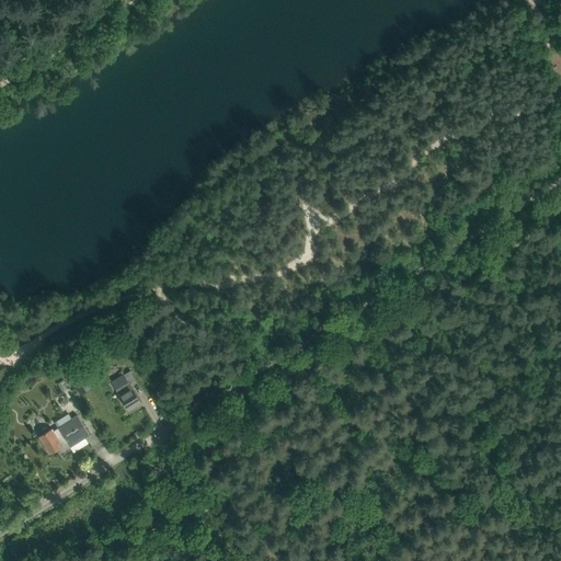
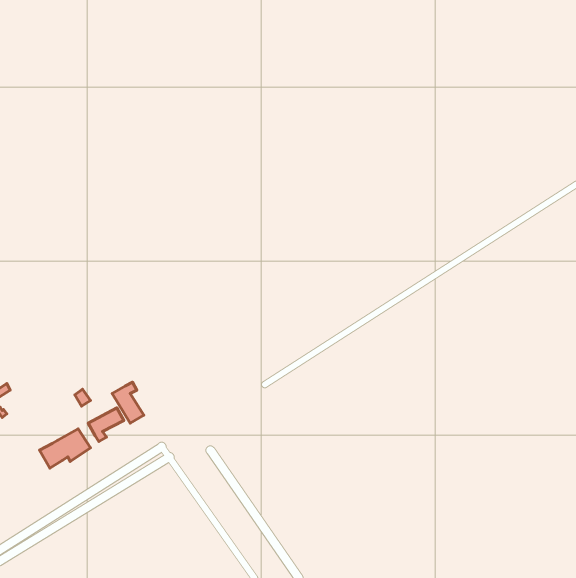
building: none -> [88,408,124,441]

